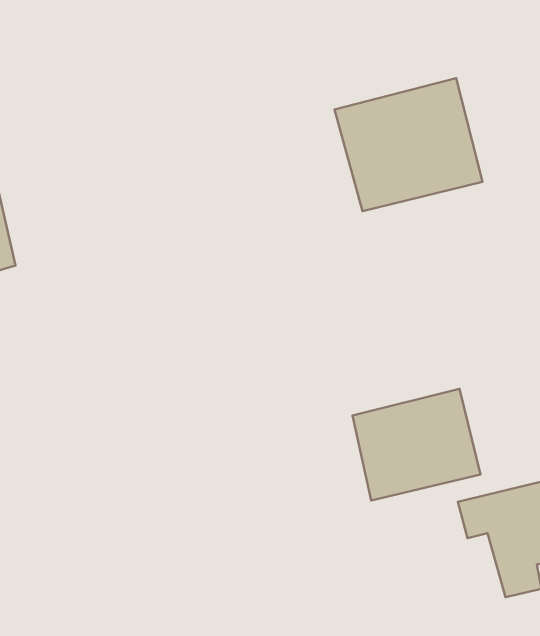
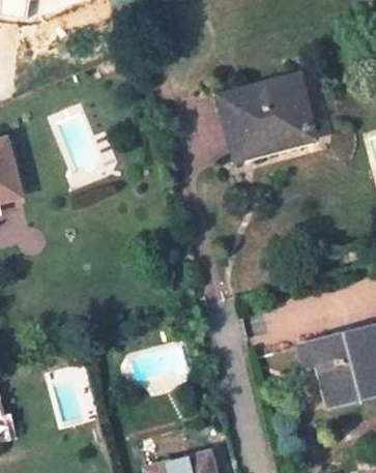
building: [352,389,480,501] -> none

